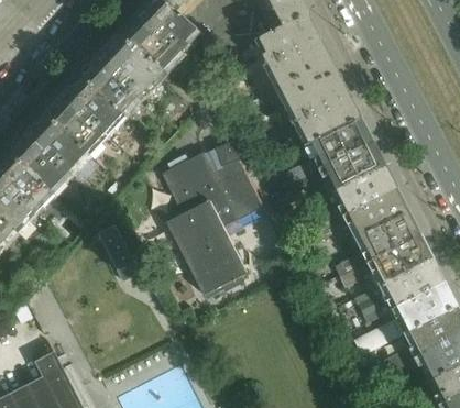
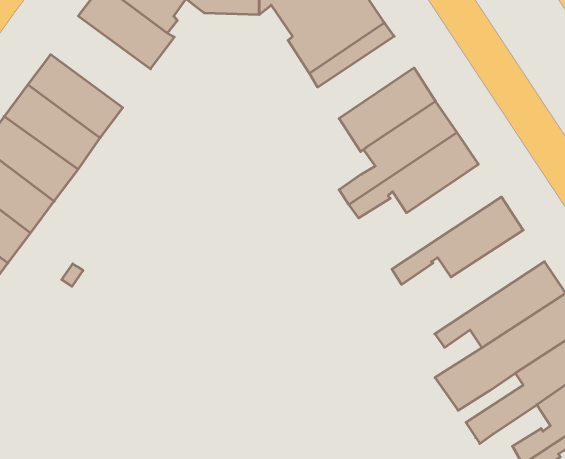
building: [101,30,168,96] -> none
building: [281,68,348,120] -> none
building: [163,134,265,291] -> none
building: [311,162,397,227] -> none
building: [336,210,421,274] -> none

